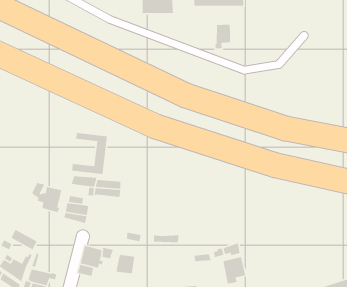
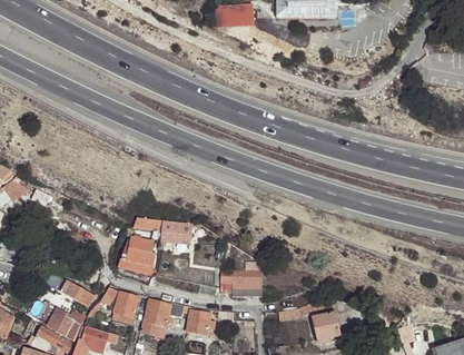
building: [215,24,231,49] -> none
building: [72,132,108,175] -> none
building: [31,182,62,213] -> [101,286,138,323]
building: none -> [219,272,261,287]

